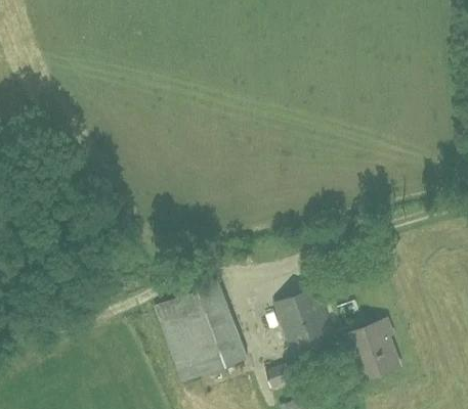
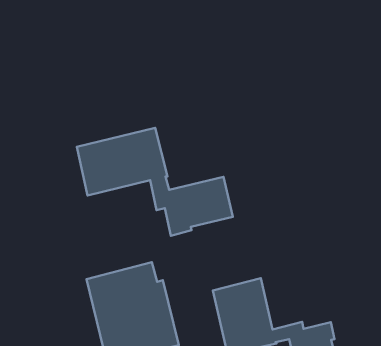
building: none -> [77,128,233,236]

